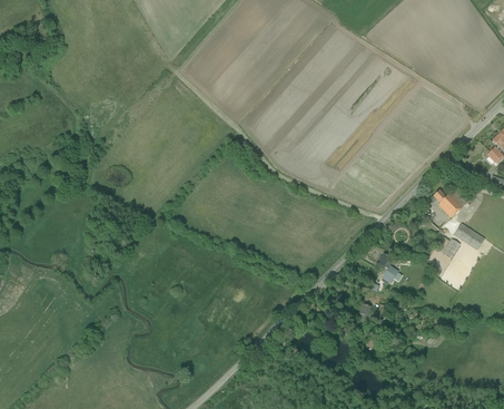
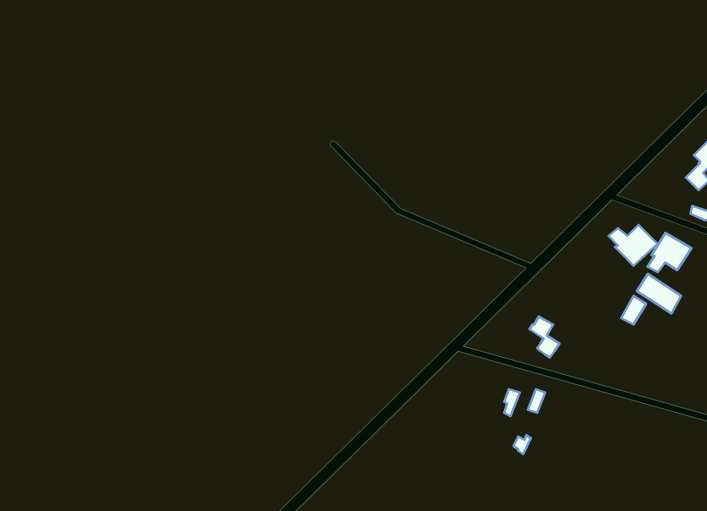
building: none -> [648,233,691,272]

